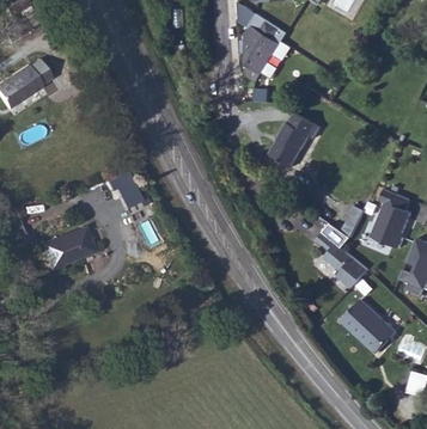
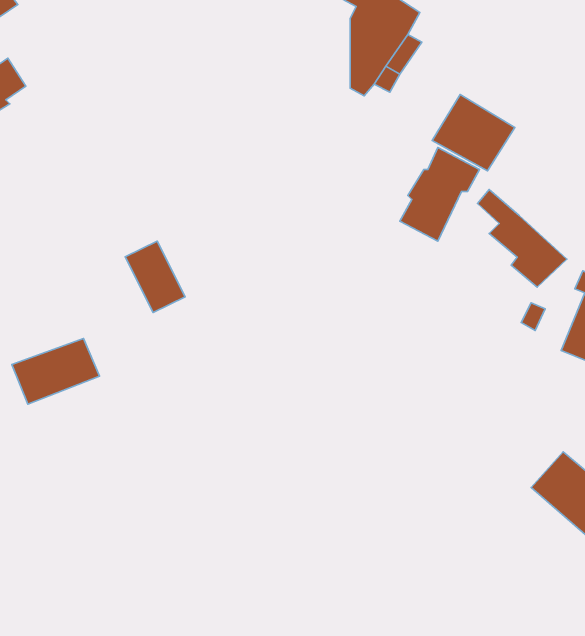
building: none -> [432,95,515,171]
building: [317,232,371,290] -> [477,190,567,287]

